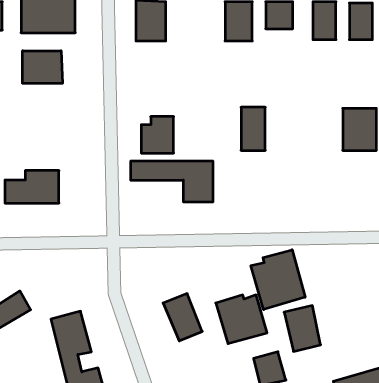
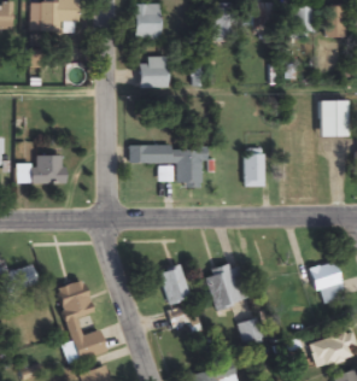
building: [23,51,62,83] -> none
building: [241,107,265,150] -> [244,148,265,187]
building: [141,117,174,153] -> [139,55,168,88]
building: [251,250,305,310] -> none
building: [284,306,321,351] -> [312,260,345,301]

